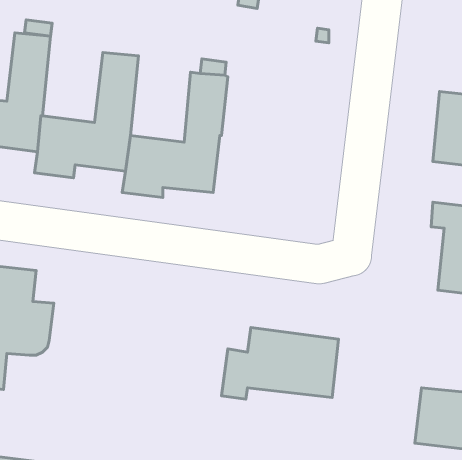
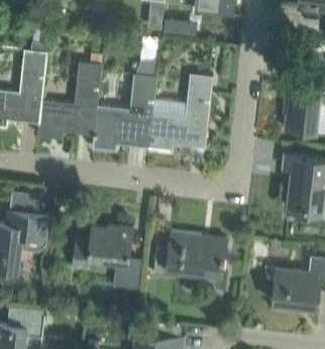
building: none -> [148,74,213,151]
building: none -> [74,226,141,289]

